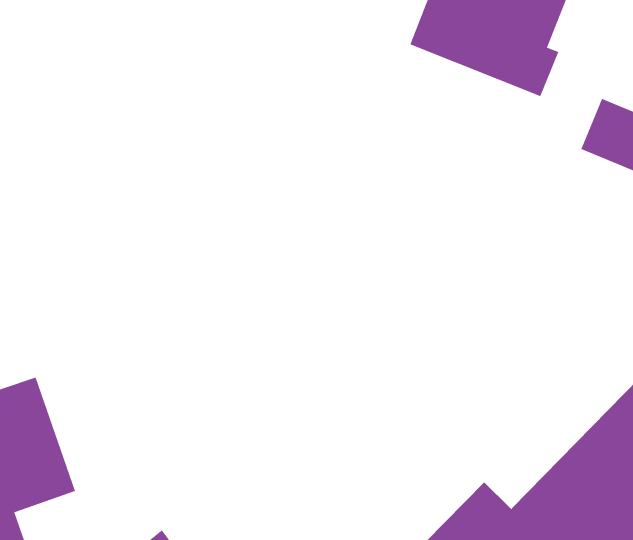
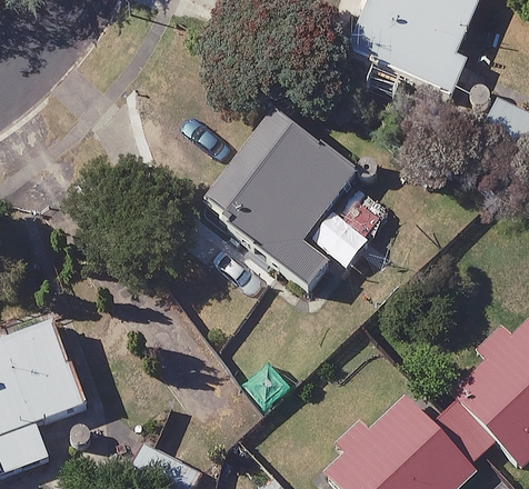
building: none -> [204,114,352,288]

